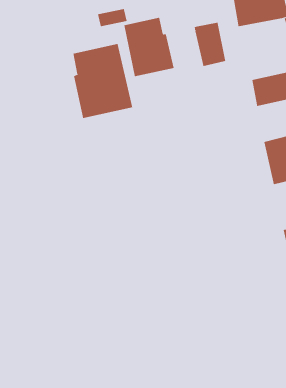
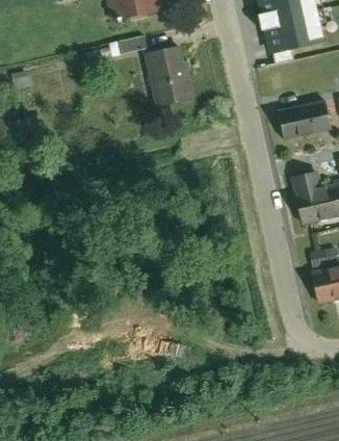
building: [194,22,226,67] -> none
building: [73,43,133,119] -> none

